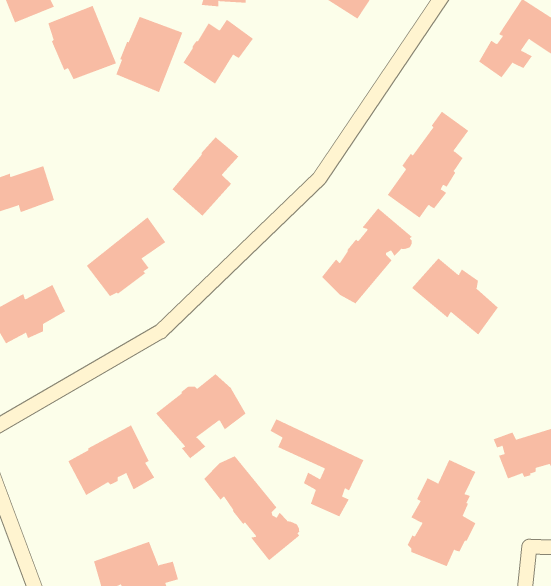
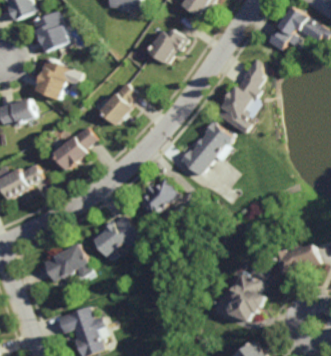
building: [116,16,183,93] -> [36,59,73,101]
building: [183,19,254,85] -> [149,29,188,65]
building: [411,257,499,335] -> none
building: none -> [139,178,179,217]
building: [270,419,364,517] -> none
building: [204,455,300,561] -> none

